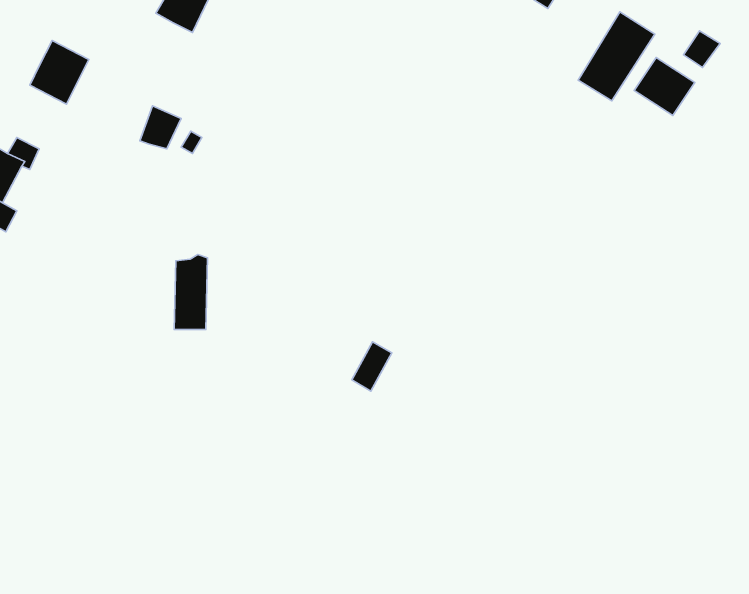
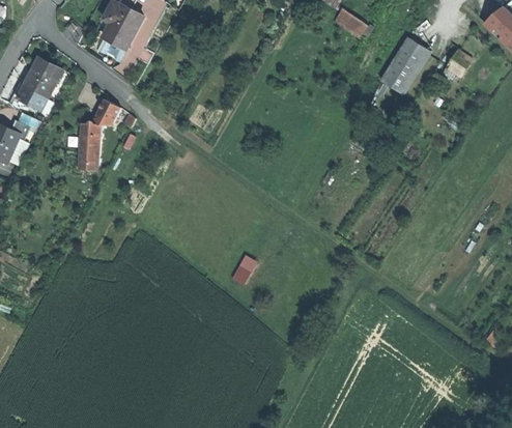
building: [634,57,695,116] -> none
building: none -> [16,85,47,110]
building: [174,255,208,329] -> [79,121,101,170]

